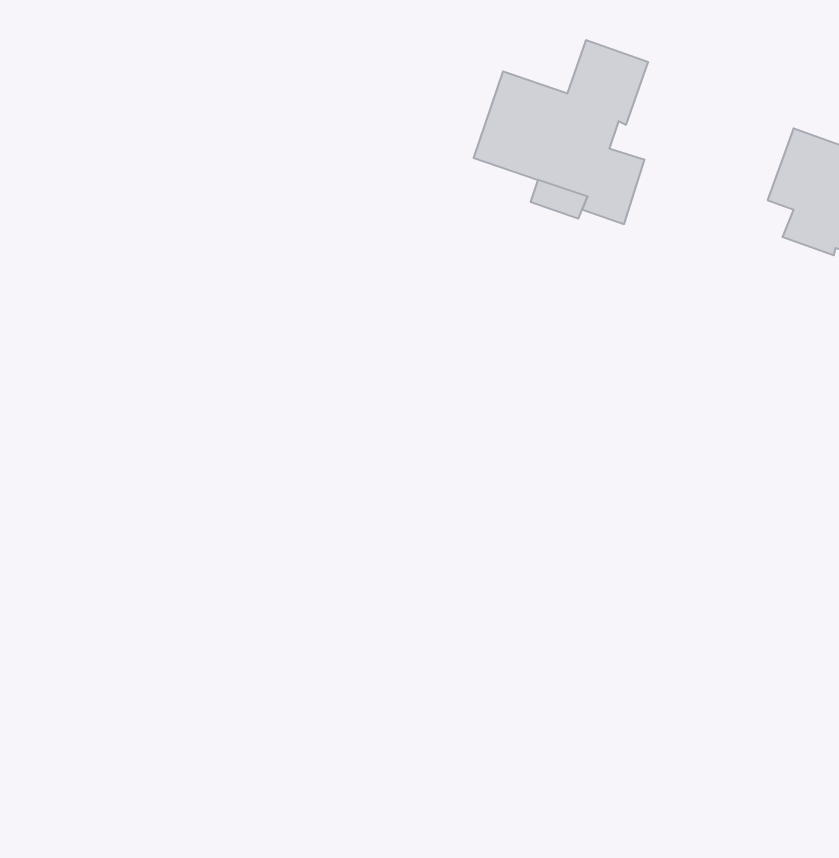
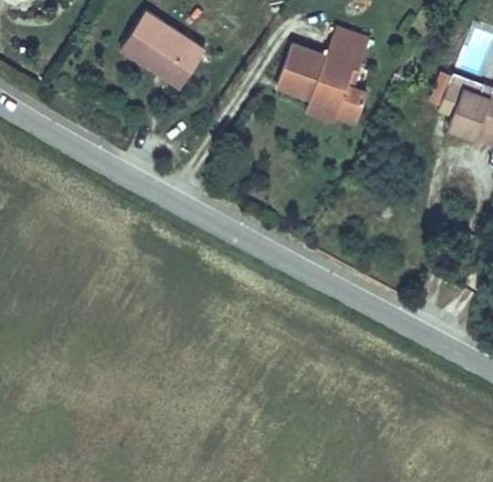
building: none -> [121,10,206,88]

